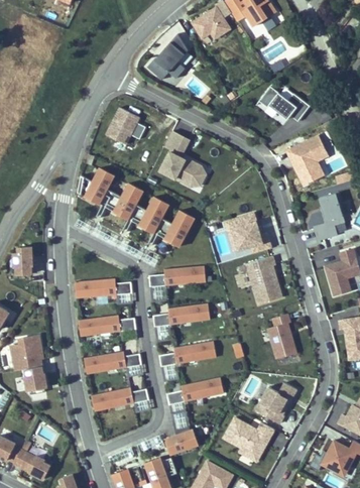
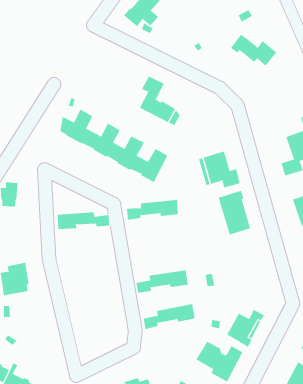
building: [106,108,145,145] -> none
building: [285,134,327,185] -> none
building: [151,302,209,327] -> none
building: [267,314,295,359] -> none
building: [77,315,134,337] -> none
building: [82,351,140,374] -> none
building: [25,364,47,392] -> none
building: [90,387,148,411] -> none
building: [164,429,199,454] -> none

